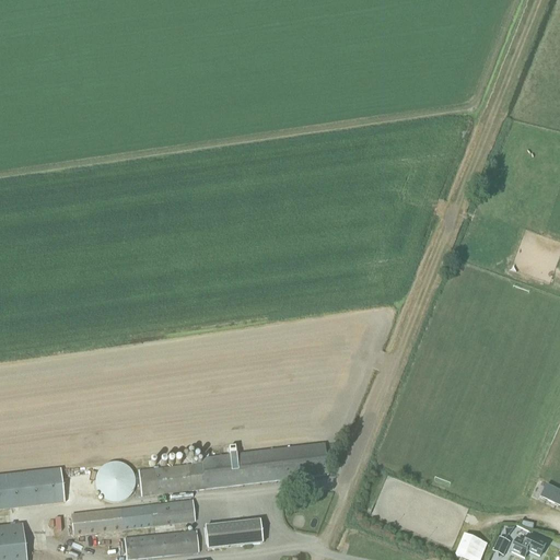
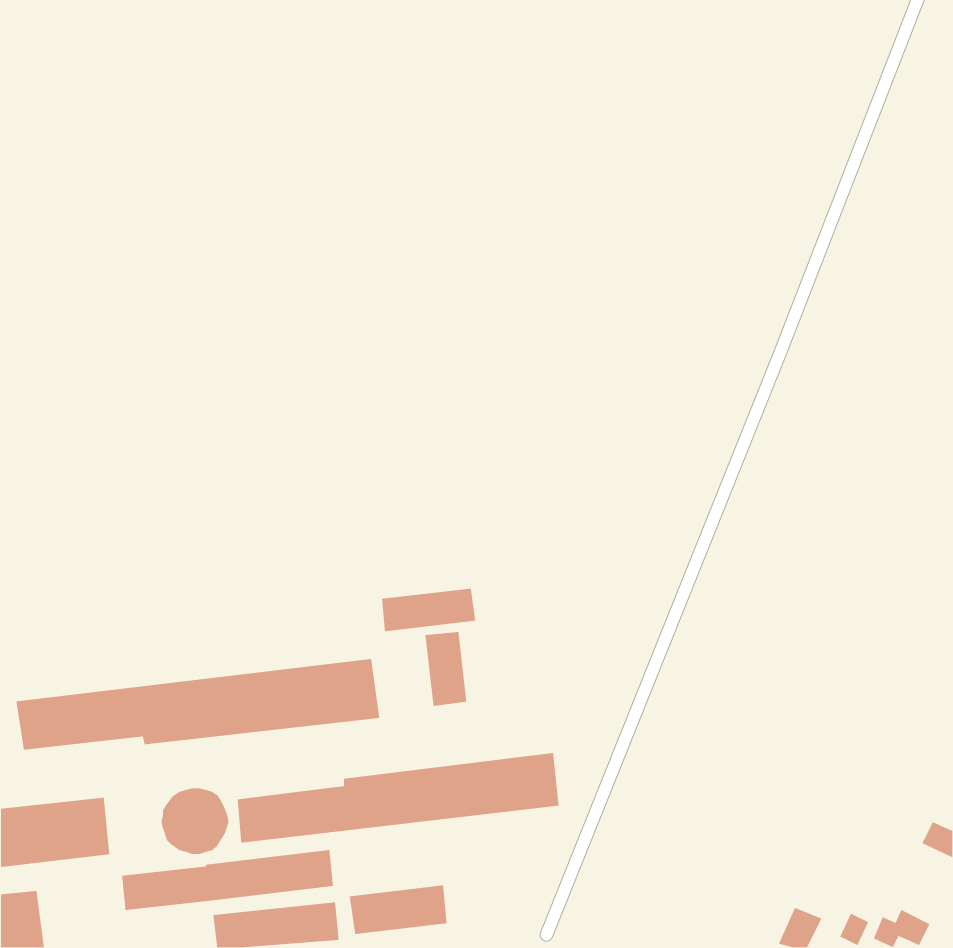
building: none -> [381,588,476,632]
building: none -> [424,631,467,707]
building: none -> [15,658,380,751]

